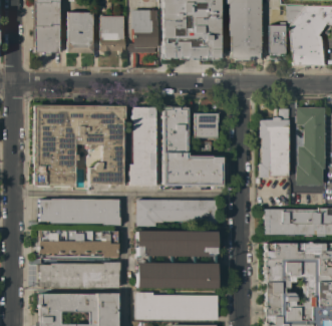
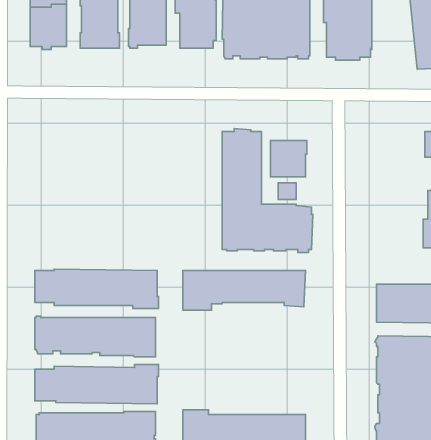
building: [270,25,286,55] -> none
building: [31,106,125,187] -> none
building: [128,107,156,185] -> none
building: [260,108,290,177] -> none
building: [136,231,218,288] -> none

